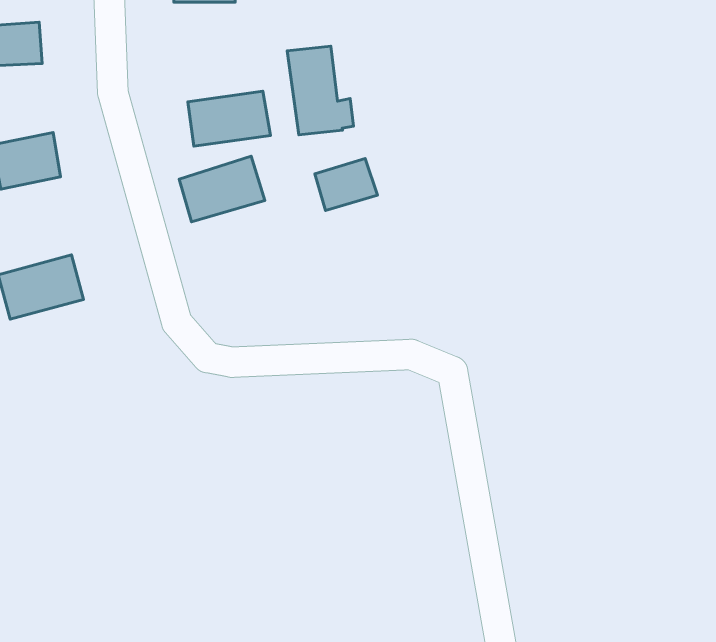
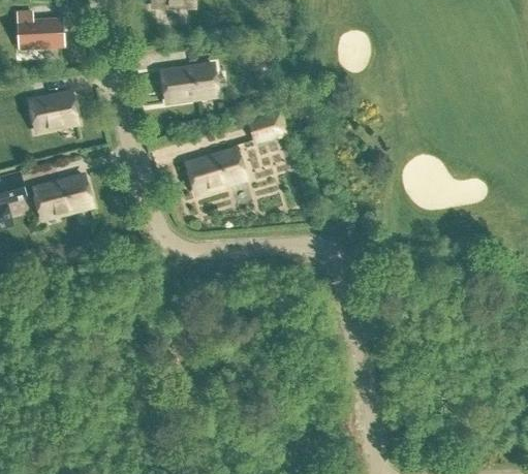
building: [287,46,353,135] -> none
building: [179,156,265,222] -> [187,148,245,192]

